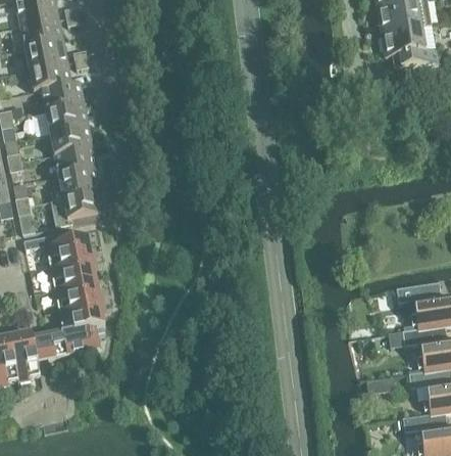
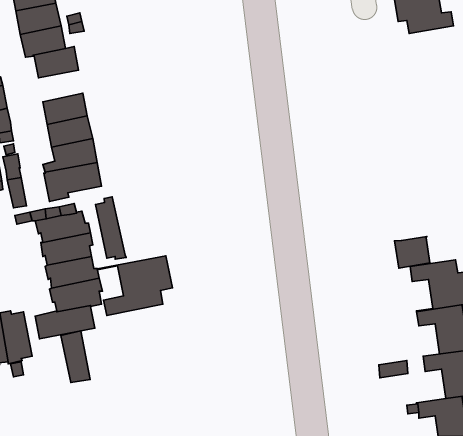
building: [46,103,88,133] -> none
building: none -> [96,197,126,259]
building: none -> [395,236,430,268]
building: none -> [97,256,173,316]
building: none -> [61,331,90,382]

